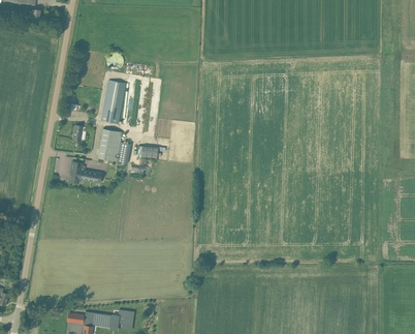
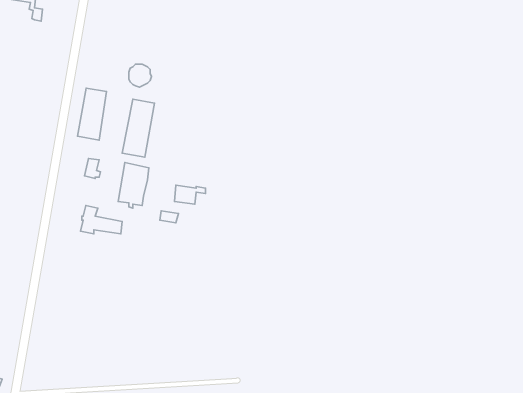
building: none -> [78,88,107,140]

